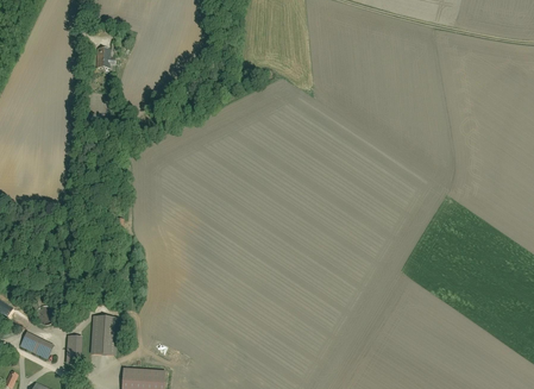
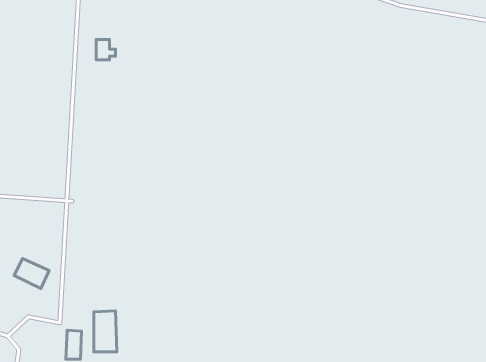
building: [19,328,54,358] -> [14,258,49,289]

